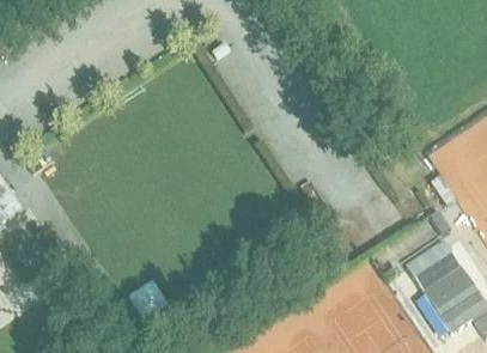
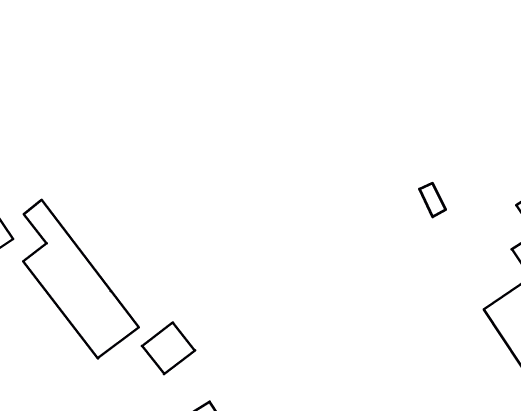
building: none -> [23,200,139,358]

